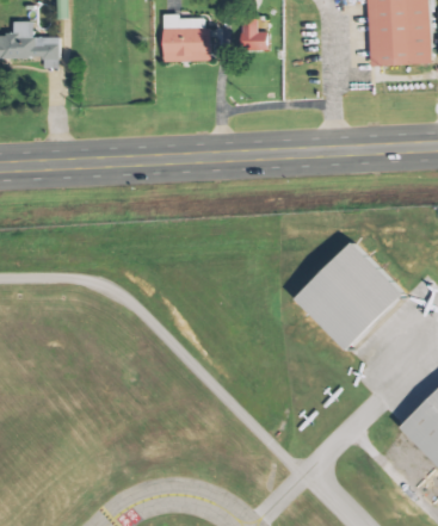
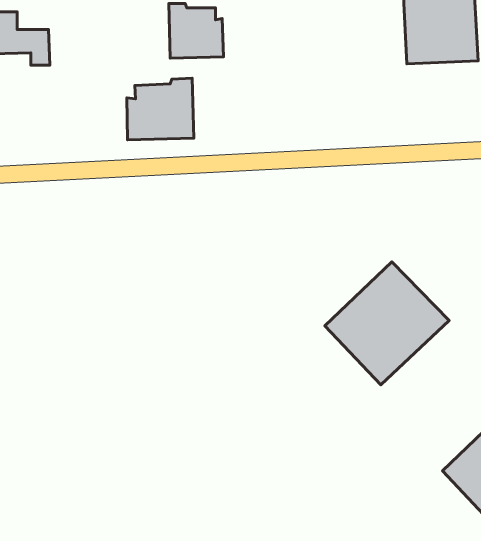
building: [239,17,266,50] -> none
building: none -> [127,78,194,140]

